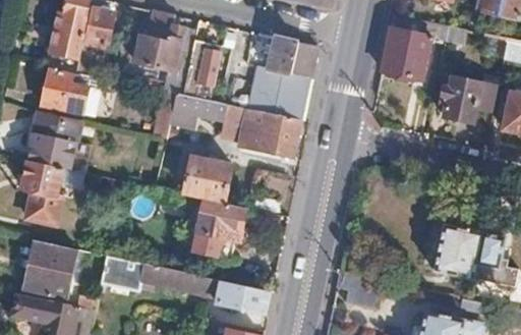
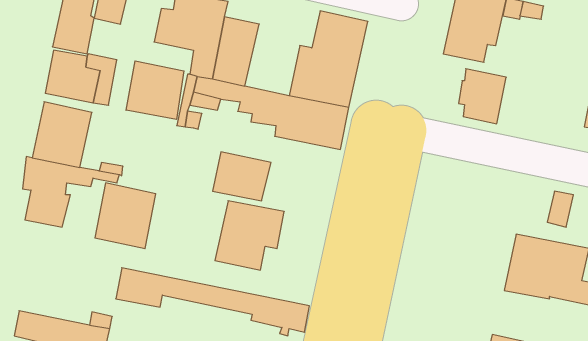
building: none -> [126,61,184,119]
building: [441,80,481,127] -> [459,69,506,124]
building: [25,240,77,296] -> [95,183,156,249]

